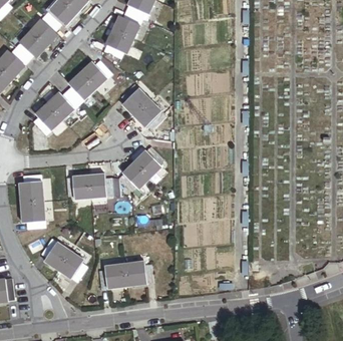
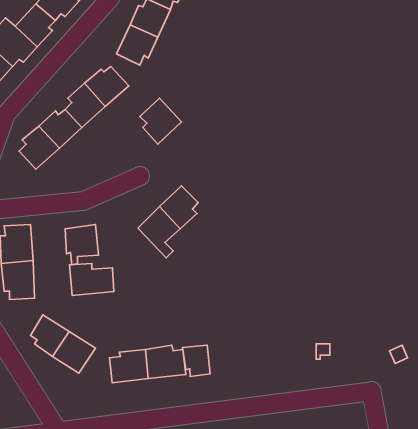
building: [133,100,165,128] -> none
building: [88,174,120,197] -> [69,264,114,296]
building: none -> [183,345,210,377]

